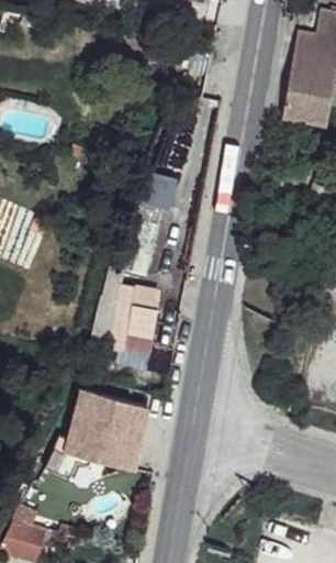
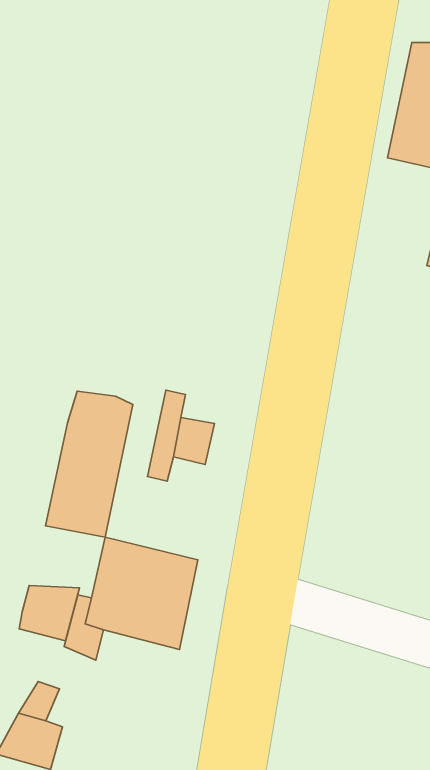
building: none -> [45,391,133,537]
building: none -> [19,585,80,641]

